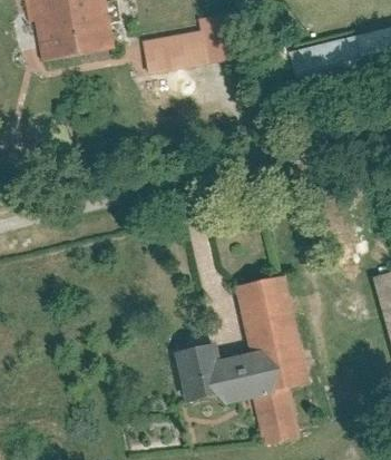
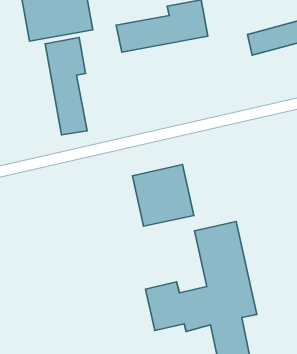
building: none -> [45,38,87,135]
building: none -> [132,165,194,226]

